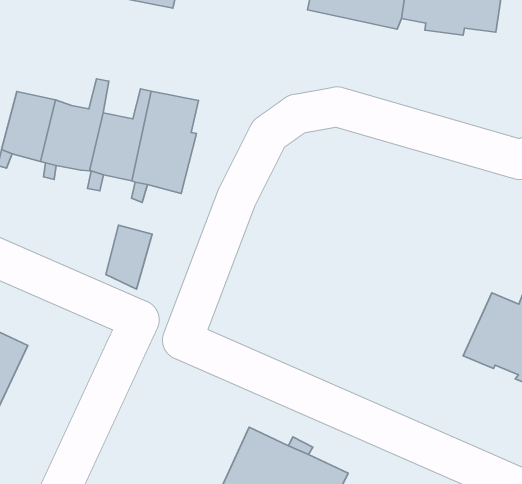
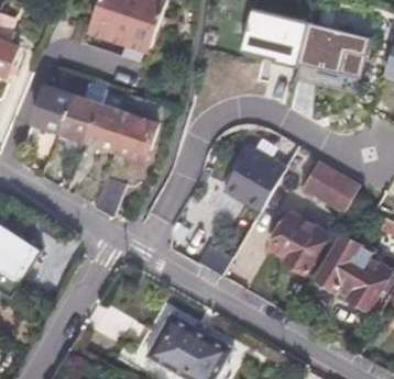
building: none -> [221,147,283,211]
building: none -> [305,165,357,210]
building: none -> [270,215,325,275]

